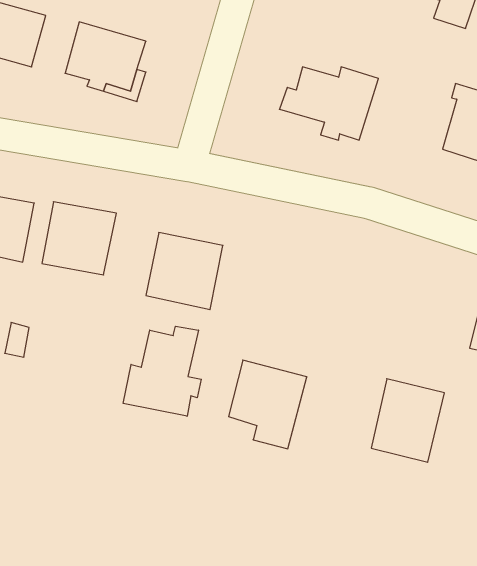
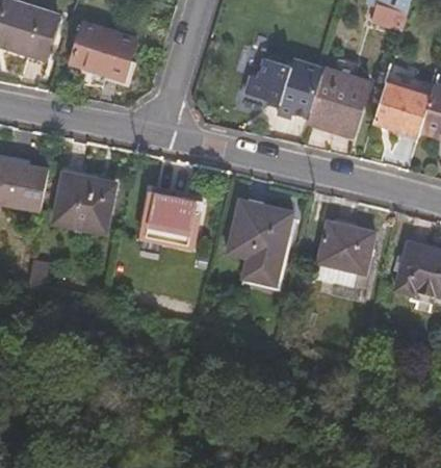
building: none -> [309,59,371,135]
building: [123,326,201,416] -> none
building: [229,360,307,449] -> [227,200,290,271]
building: [371,379,444,462] -> [314,215,373,283]

